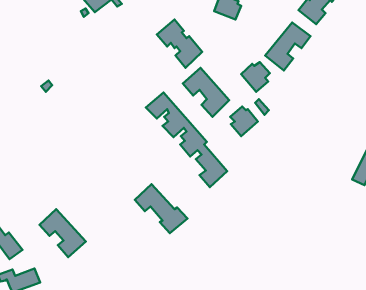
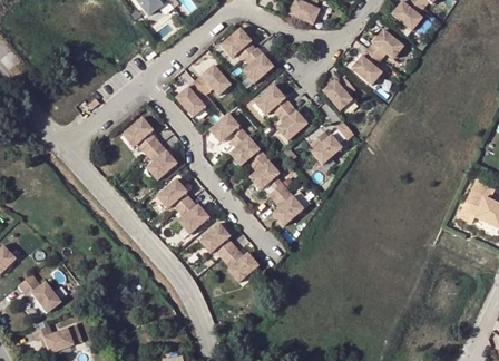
building: none -> [175,65,232,120]
building: none -> [121,115,178,179]
building: [39,209,86,257] -> [154,177,209,235]

